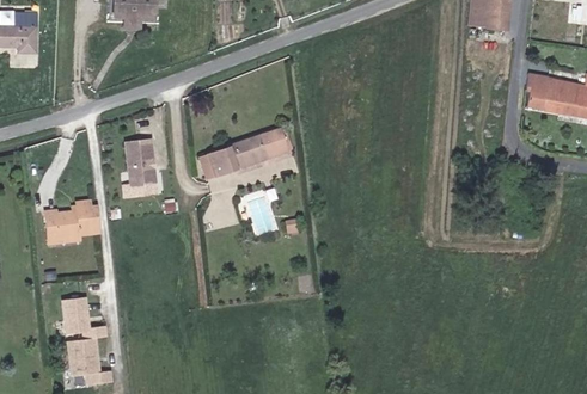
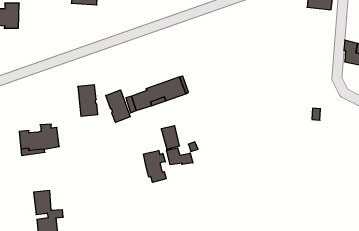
building: none -> [106,90,130,122]
building: none -> [167,148,193,165]
building: none -> [144,150,166,182]

